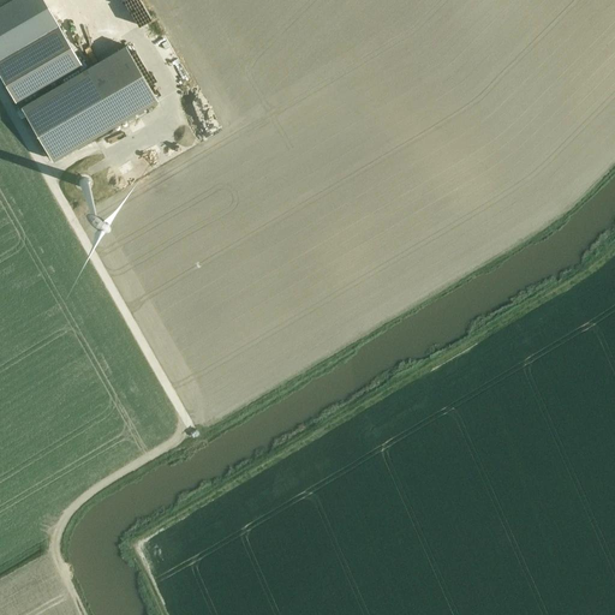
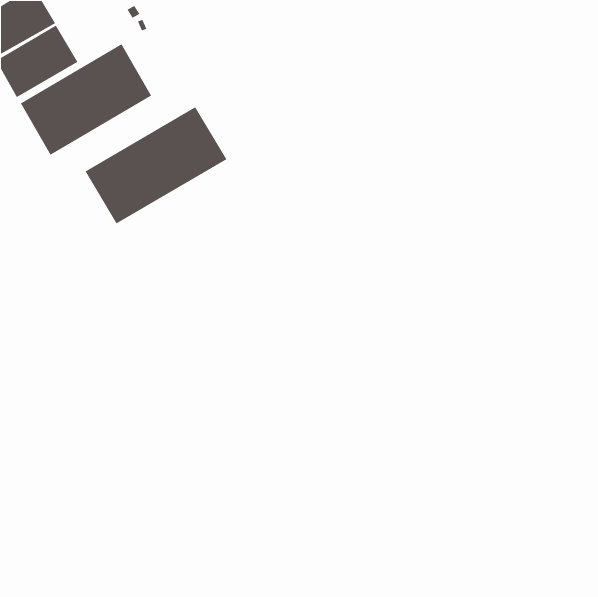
building: none -> [84,106,227,225]

